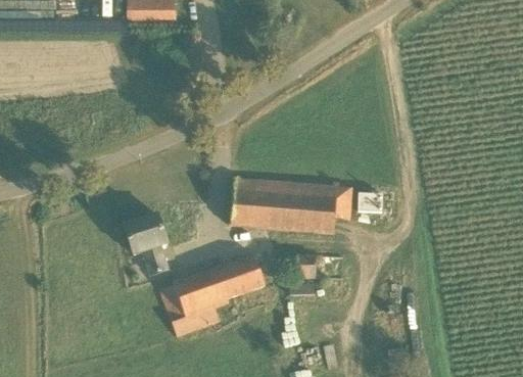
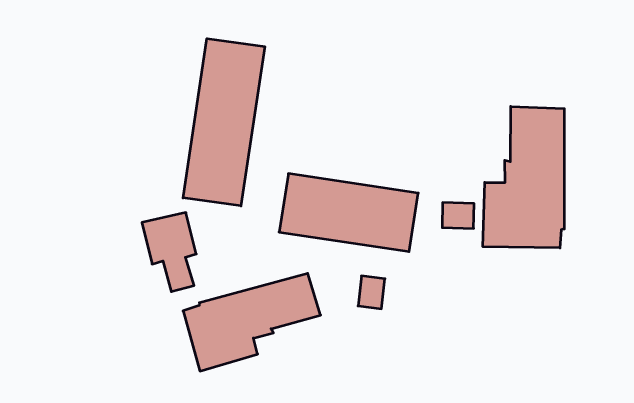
building: none -> [183,39,265,206]
building: none -> [483,106,564,248]

